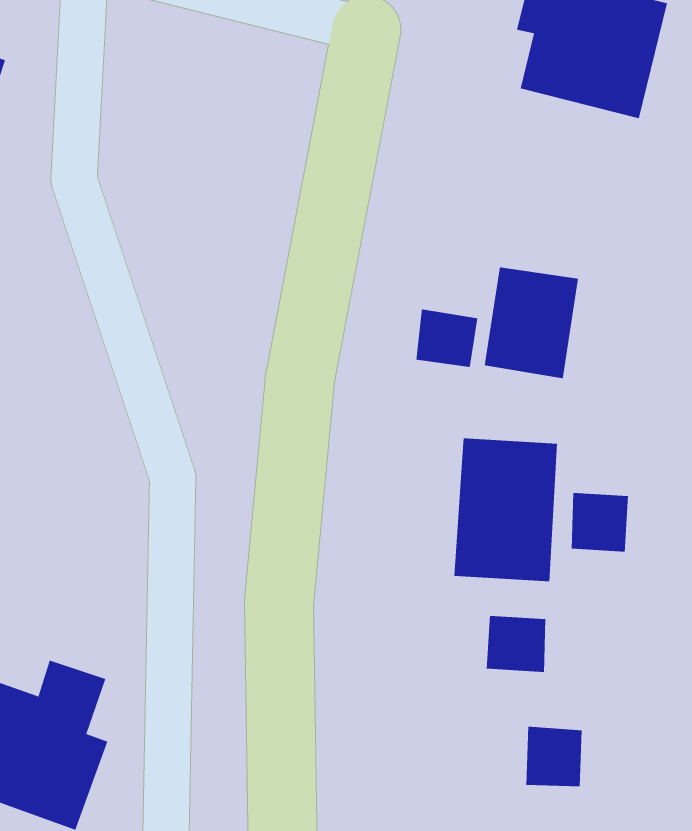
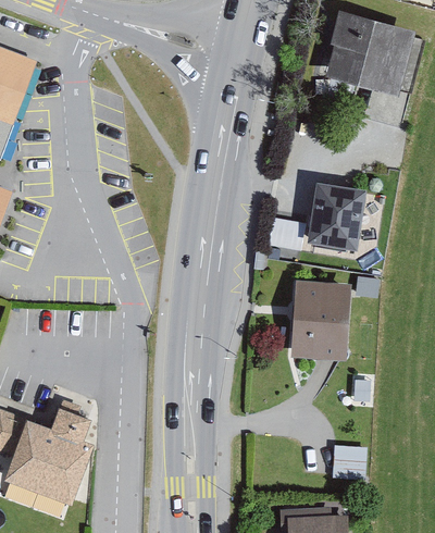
building: [571,492,628,552] -> none
building: [486,615,546,673] -> none

